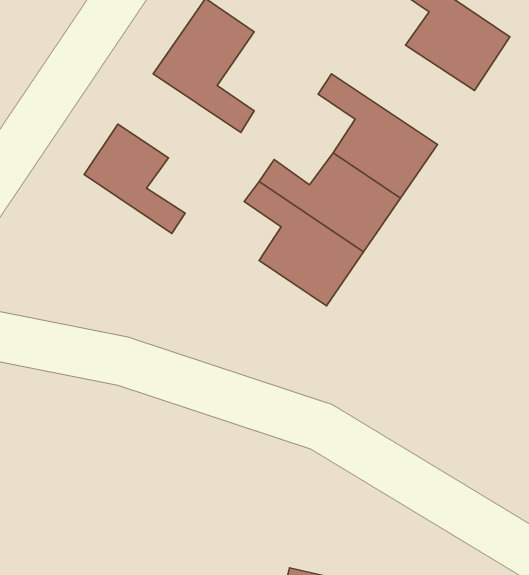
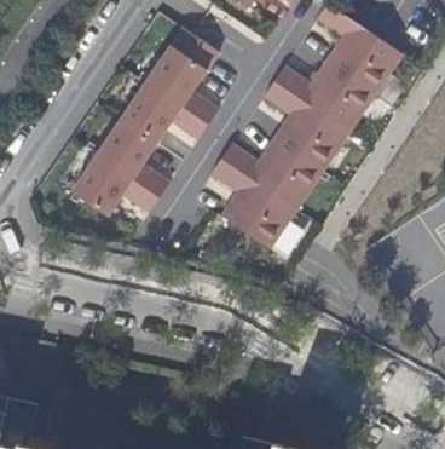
building: none -> [273,61,376,132]
building: none -> [120,81,208,142]
building: none -> [70,154,158,214]

